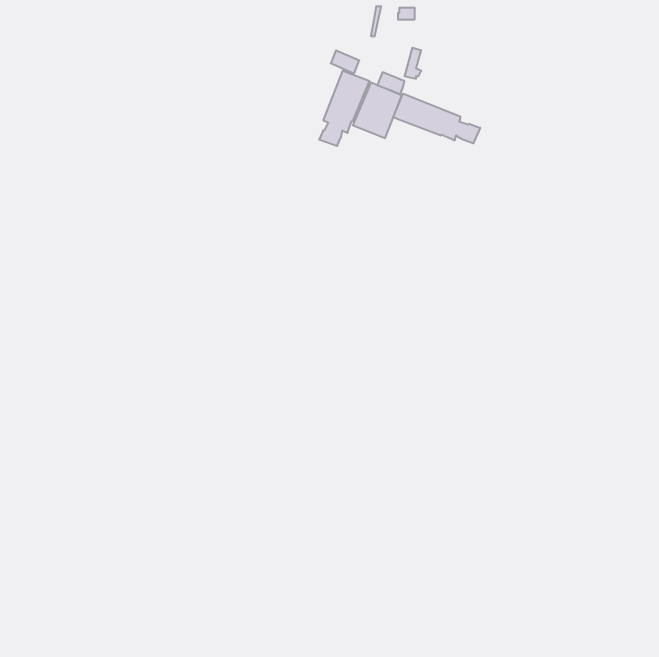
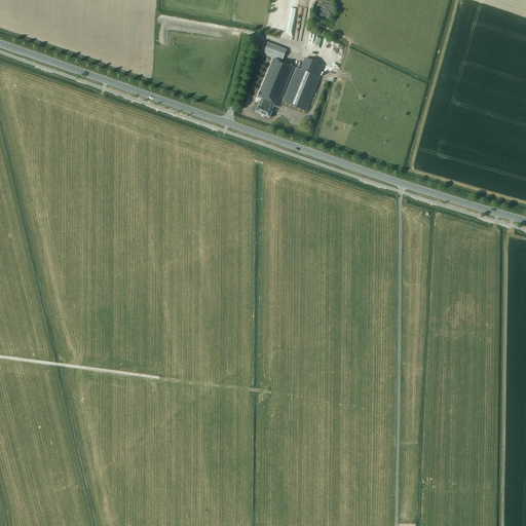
building: [393,94,480,143] -> none

